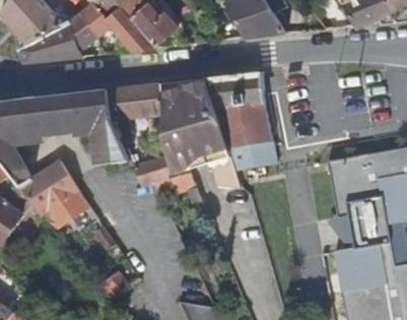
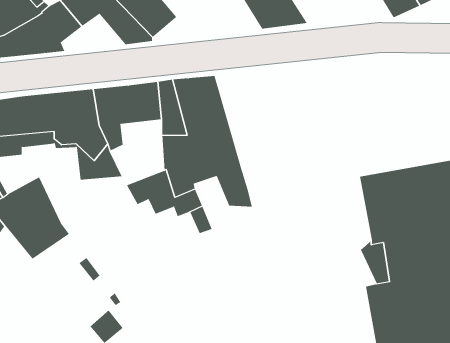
building: [208,71,277,172] -> none

